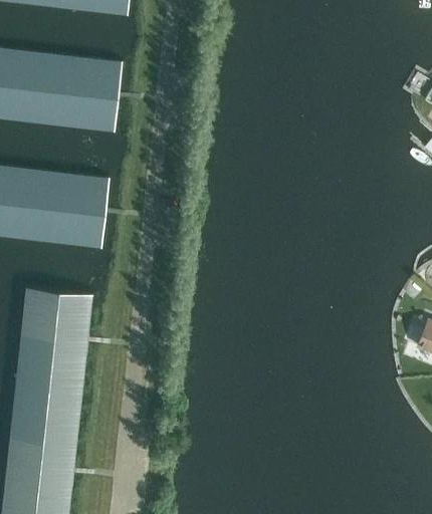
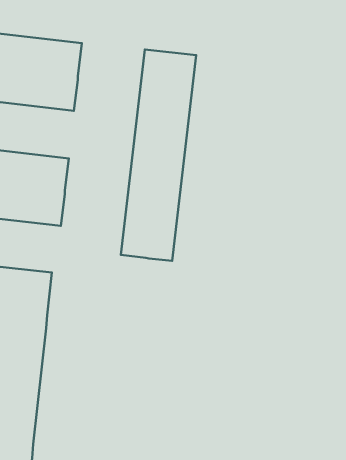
building: none -> [121,49,196,261]

